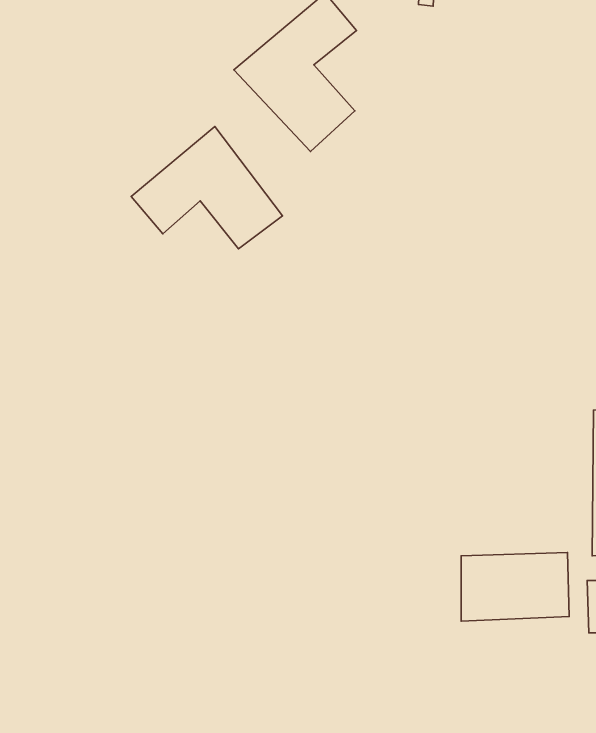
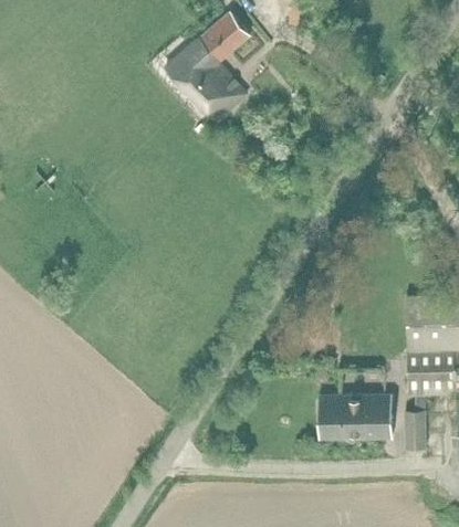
building: [131,126,282,249] -> none

